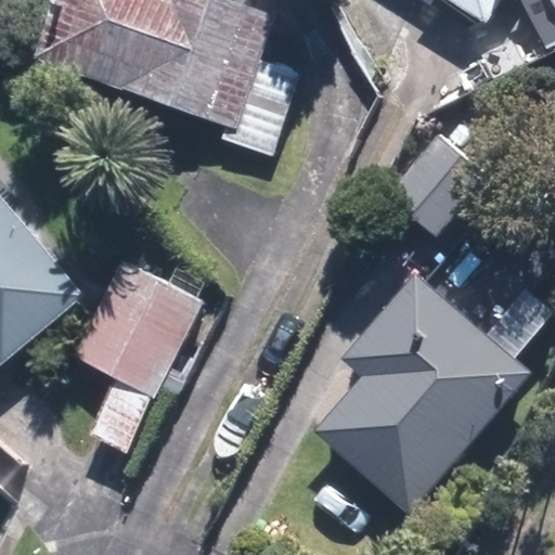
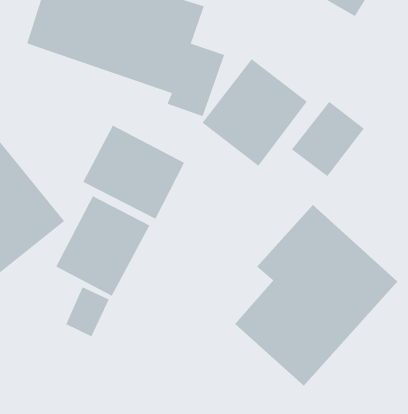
building: none -> [202,58,308,167]
building: none -> [82,125,185,220]

